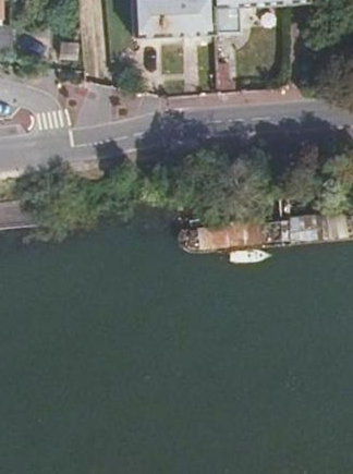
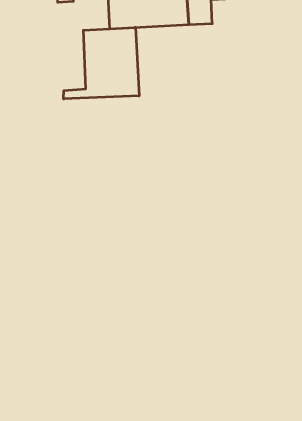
building: none -> [64,27,139,99]

